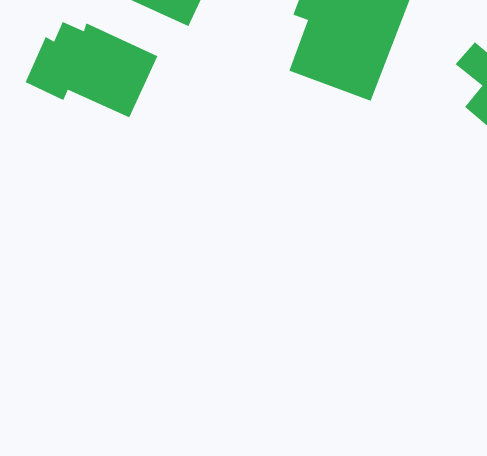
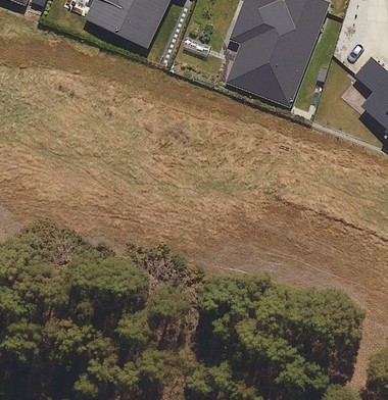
building: [25,21,158,118] -> none

